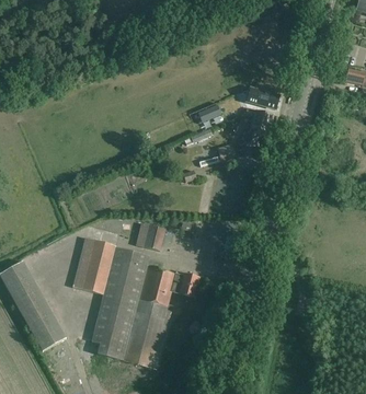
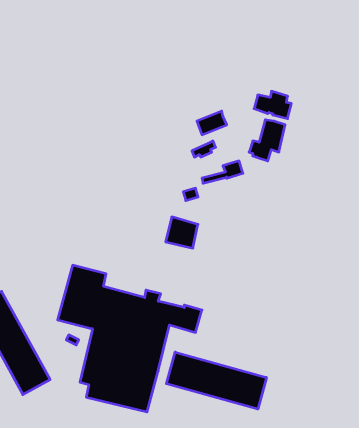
building: [136,222,164,250] -> [166,217,198,248]
building: none -> [166,352,266,409]

